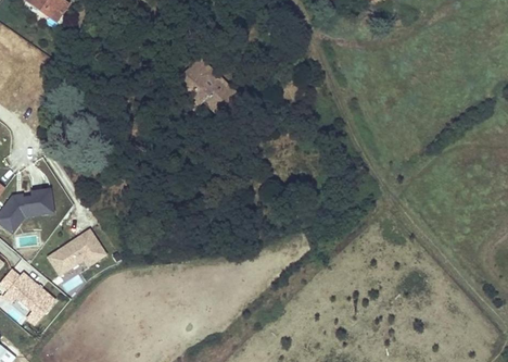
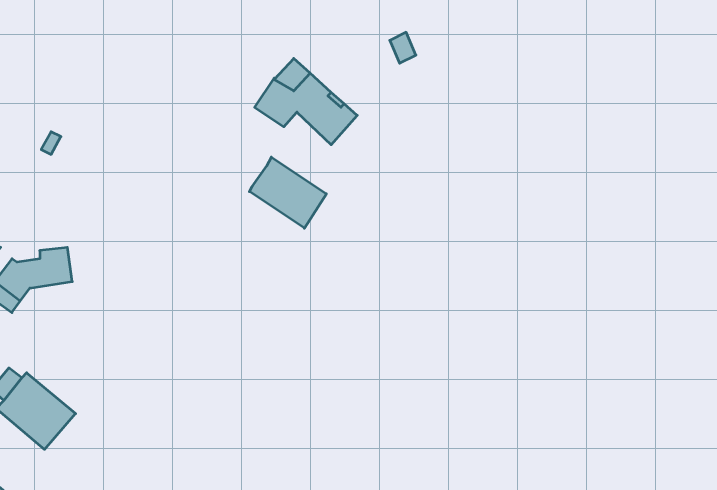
building: none -> [249,157,326,228]
building: [48,228,106,274] -> none

